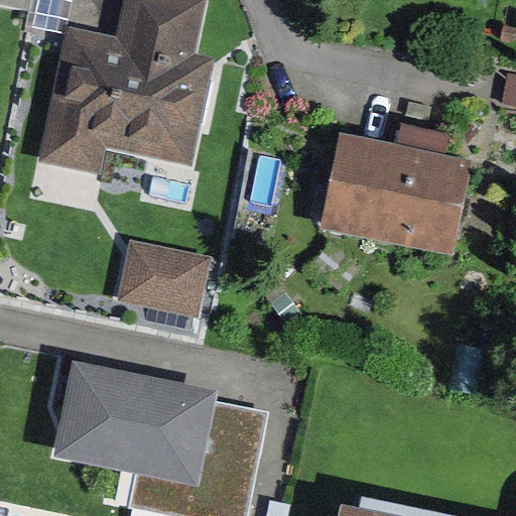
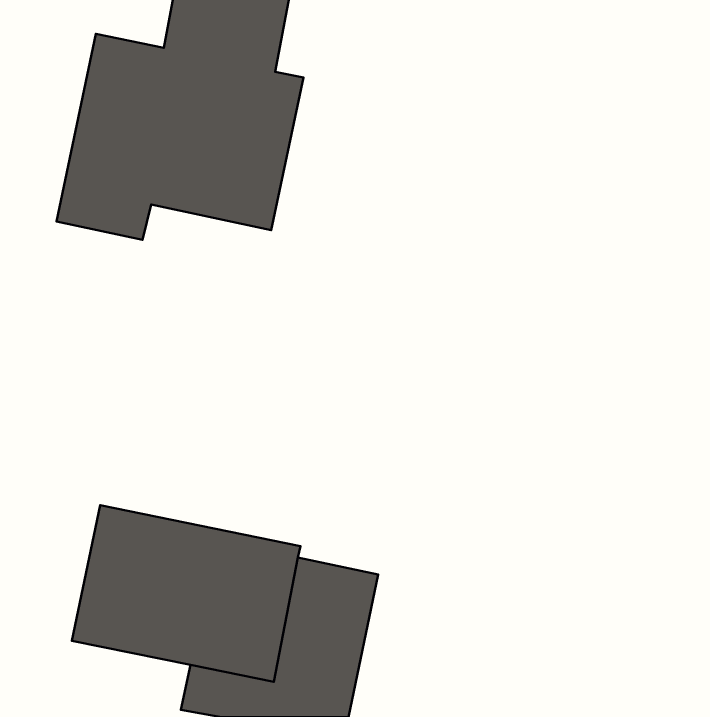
building: [320,138,457,244] -> none
building: [113,245,198,311] -> none

